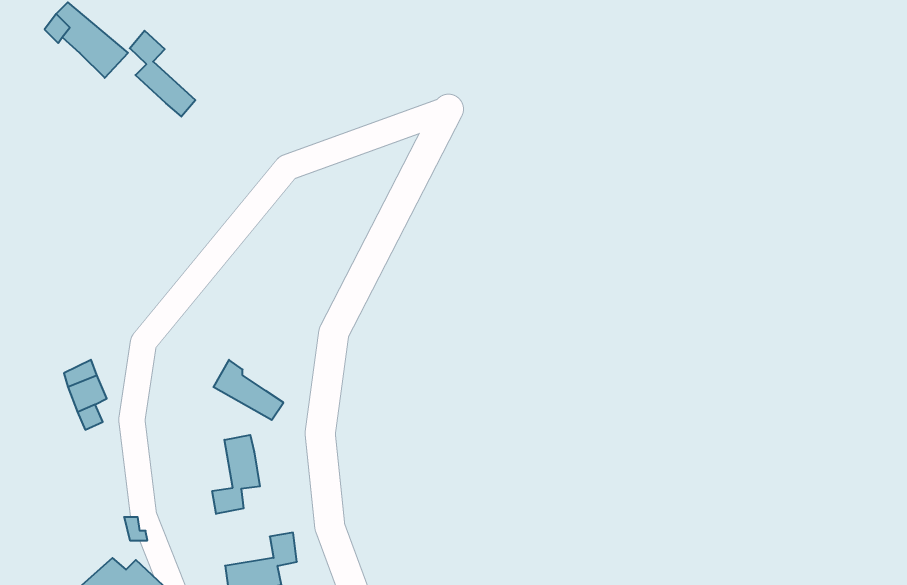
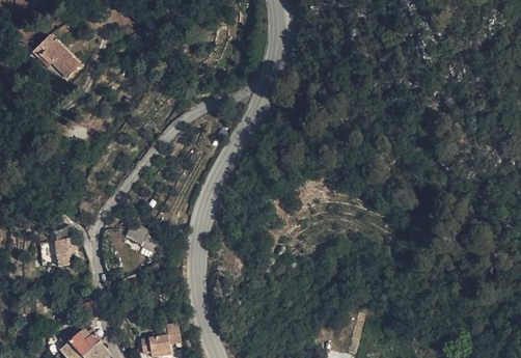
building: [130,31,195,117] -> none
building: [212,435,260,514] -> none

